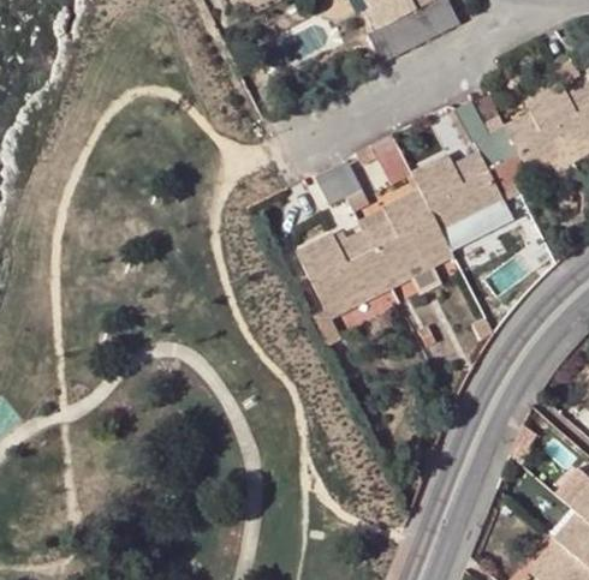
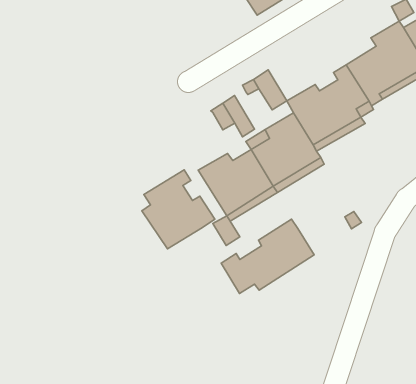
building: none -> [142,170,215,249]
building: none -> [221,219,314,294]

